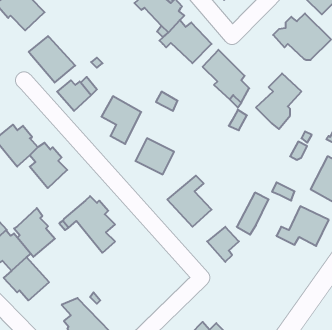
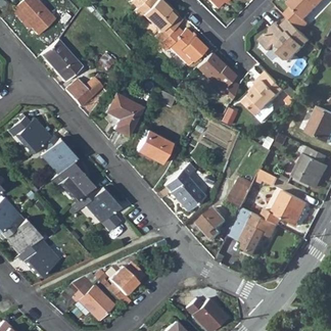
building: [14,208,55,257] -> [54,158,91,202]
building: none -> [230,208,279,254]
building: none -> [108,261,144,294]

